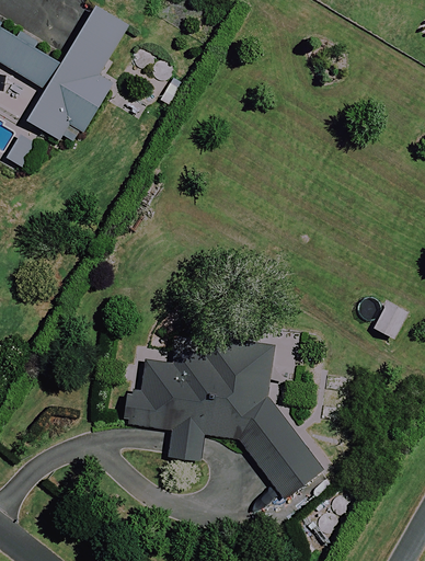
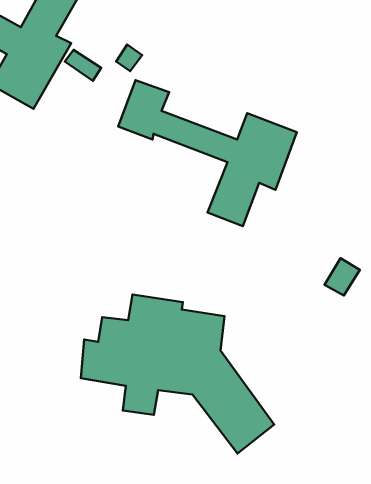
building: none -> [118,80,297,226]

